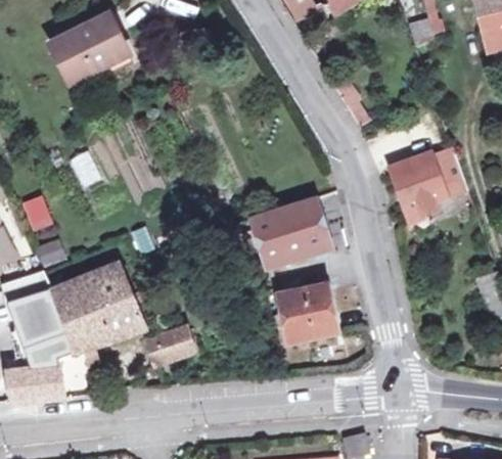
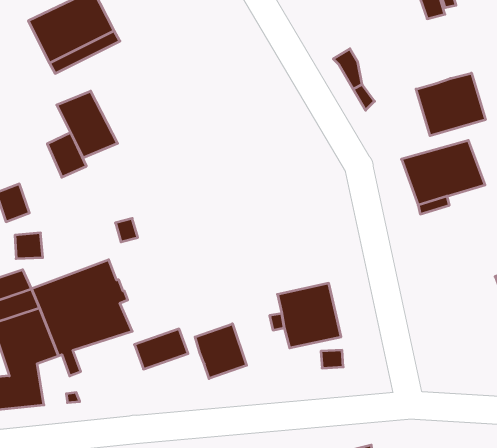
building: none -> [416,73,485,136]
building: none -> [57,91,118,158]
building: [246,197,331,294] -> none
building: none -> [195,324,247,379]

